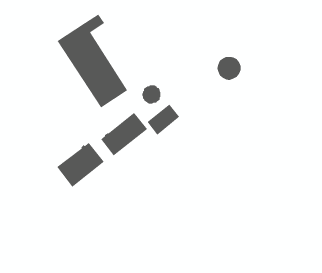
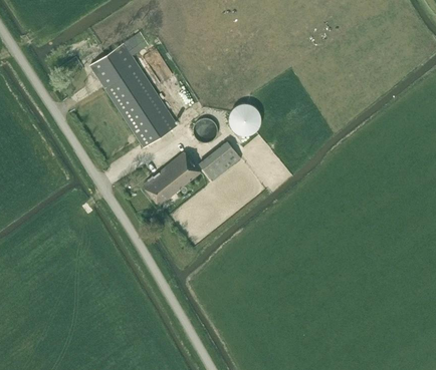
building: [217,56,241,81] -> [230,104,260,134]
building: [56,142,105,188] -> none

